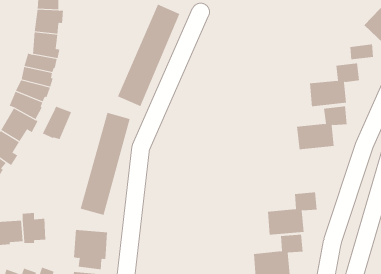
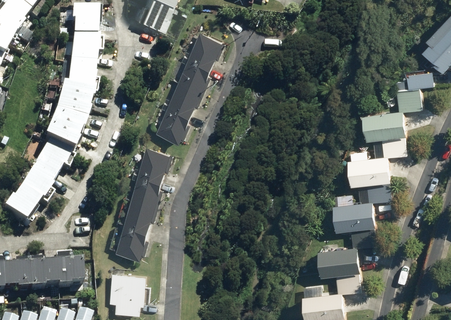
building: [42,106,72,140] -> none
building: none -> [334,184,389,231]

